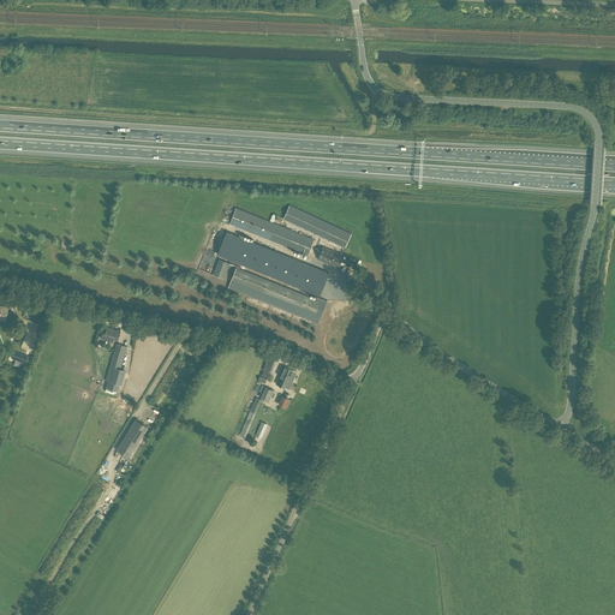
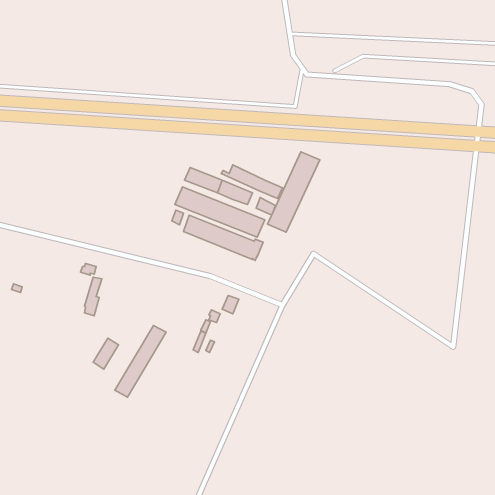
building: none -> [268,152,320,232]
building: none -> [115,325,166,397]

